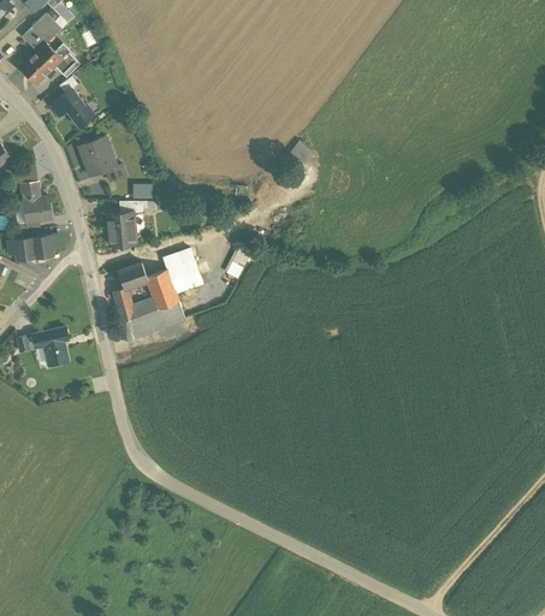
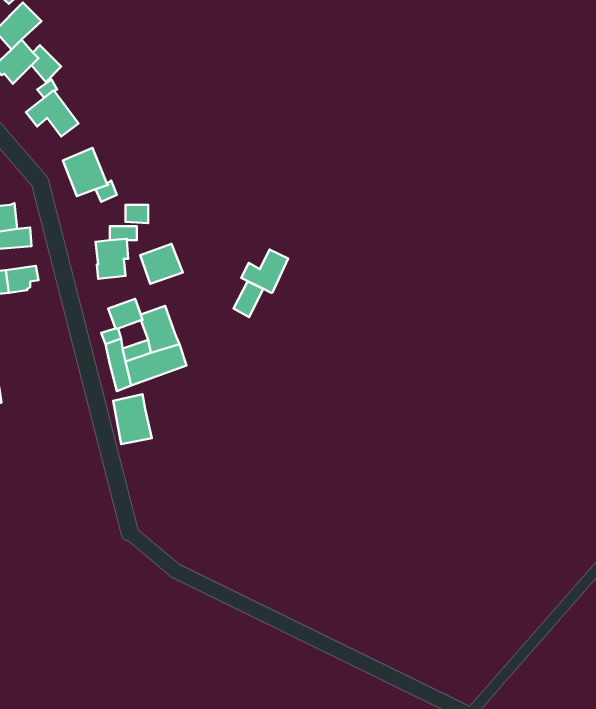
building: none -> [241,250,288,293]
building: [166,259,202,292] -> [140,244,183,284]
building: [32,327,67,366] -> none
building: none -> [113,394,152,444]

